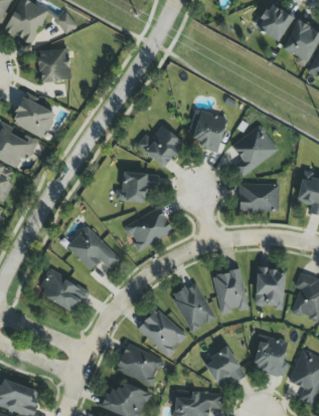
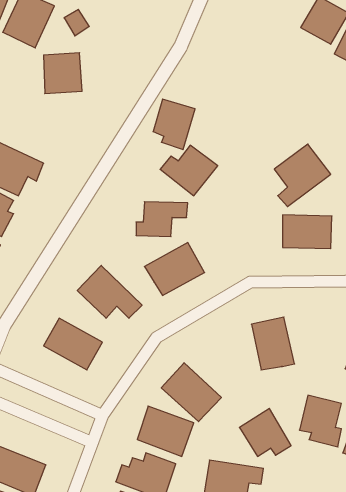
building: [11,95,56,138] -> none
building: [192,110,227,152] -> [153,99,195,150]
building: [255,267,285,306] -> none
building: [171,281,216,332] -> none

